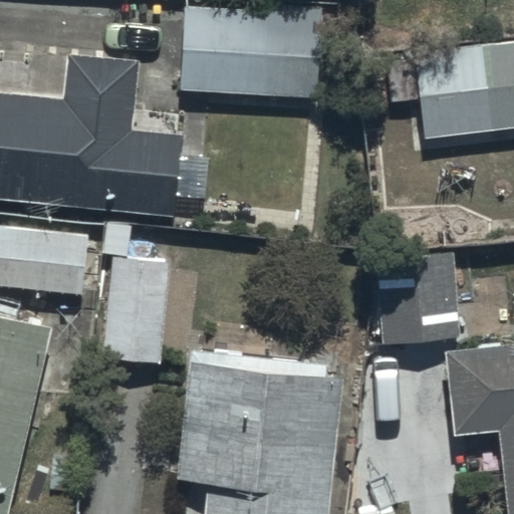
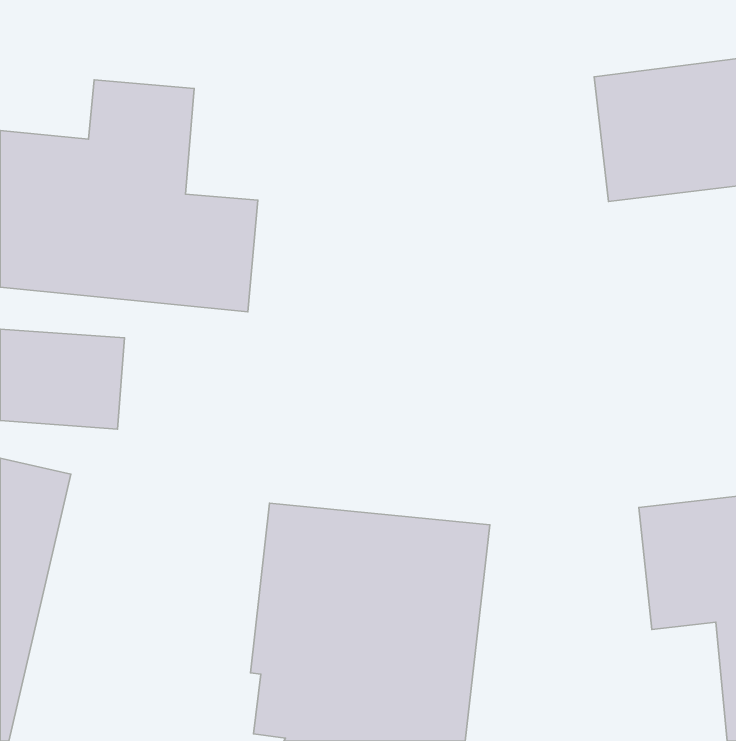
building: [182,11,319,97] -> none
building: [376,255,457,343] -> none
building: [104,259,169,361] -> none

